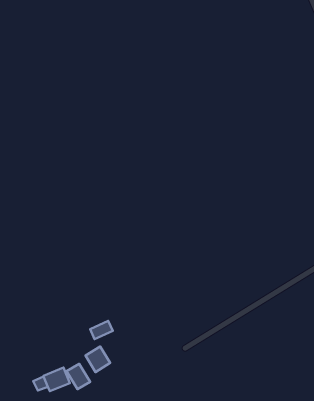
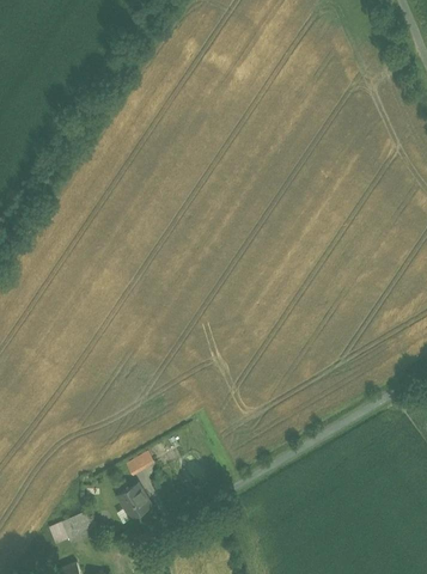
building: [67,364,90,389] -> none

